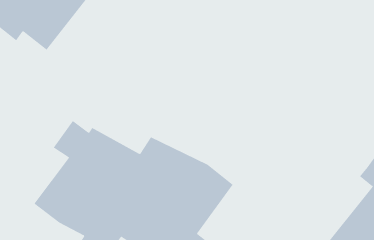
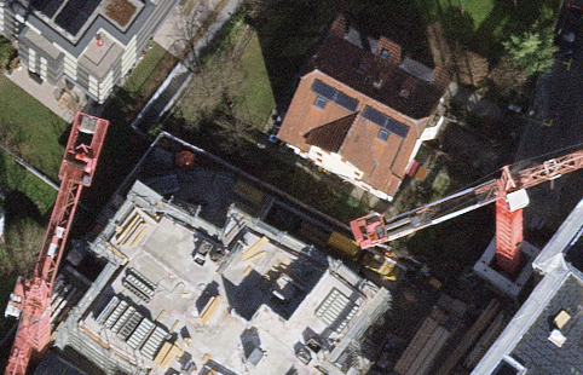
building: none -> [277,25,434,183]

